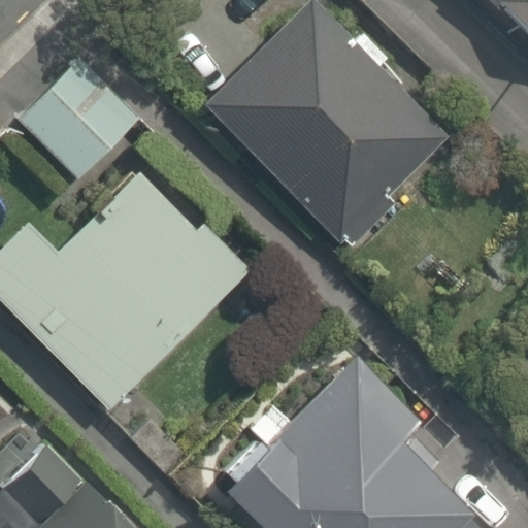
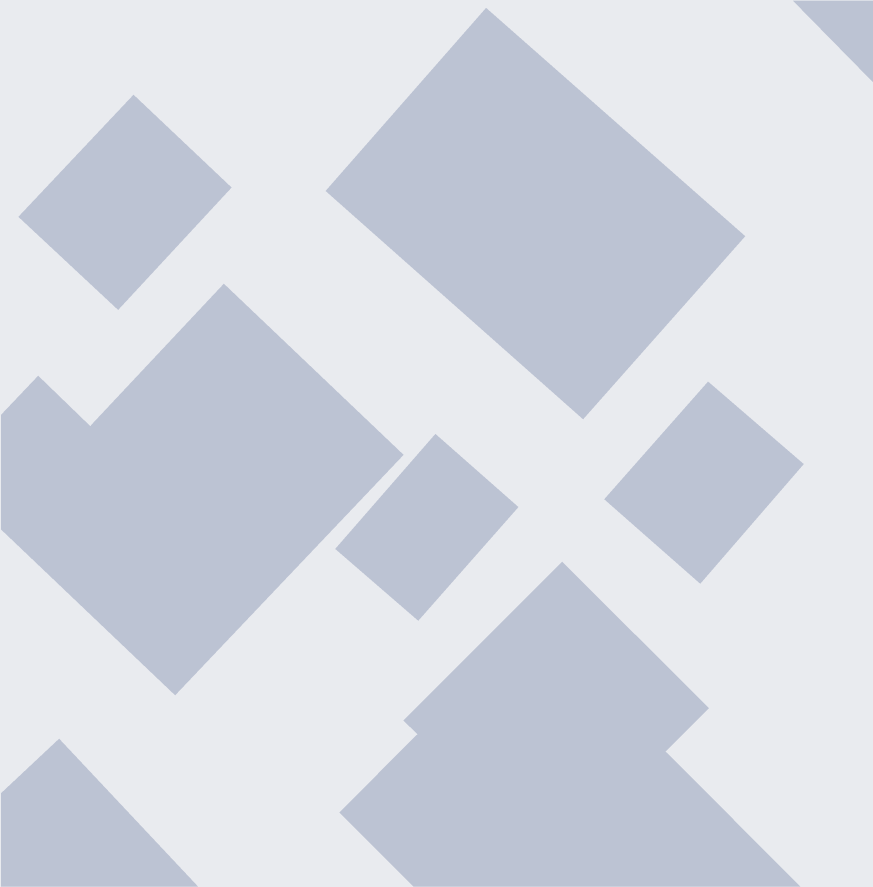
building: none -> [603,380,805,585]
building: none -> [334,433,519,622]

